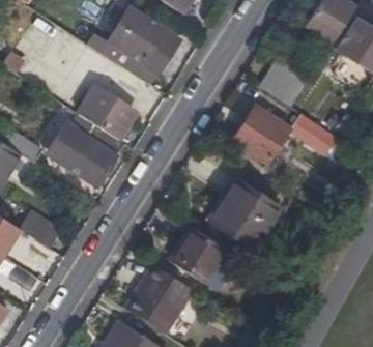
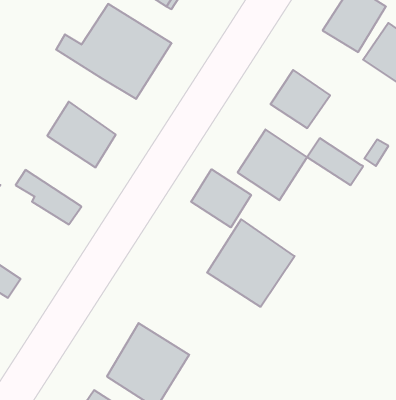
building: [60,112,123,170] -> none
building: none -> [191,169,251,227]
building: [172,231,226,285] -> none

